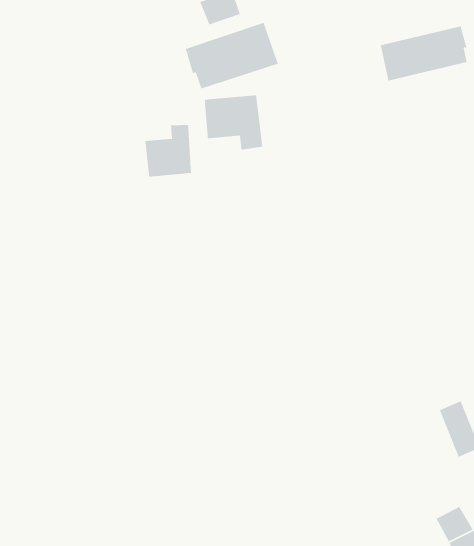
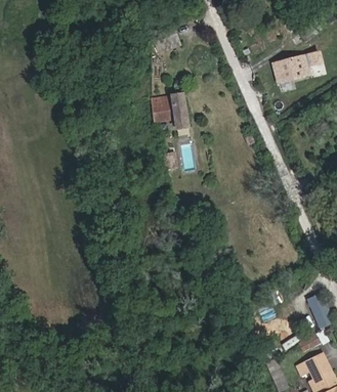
building: [185,22,279,90] -> none
building: [145,124,192,178] -> none

